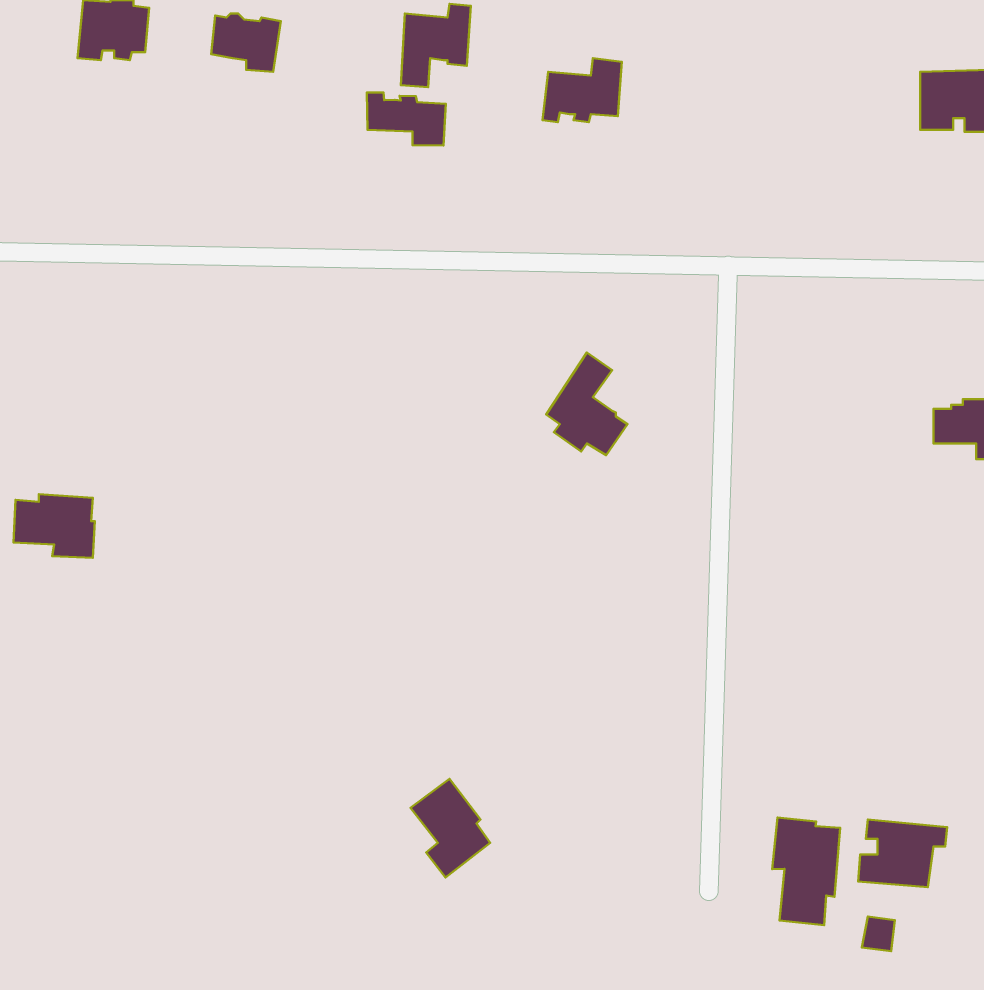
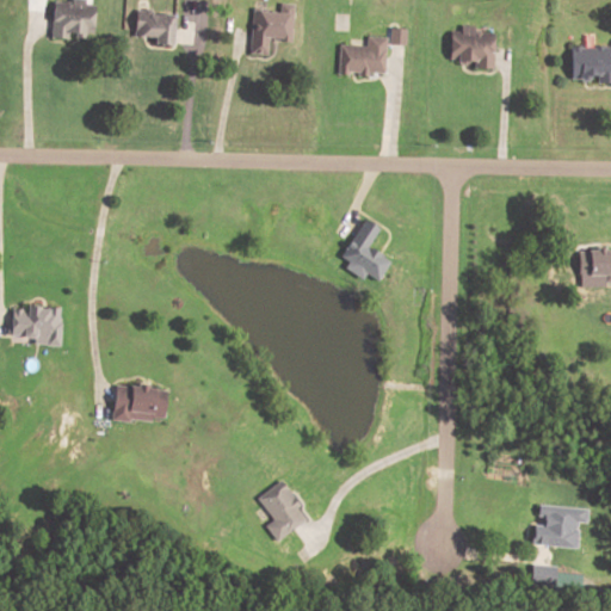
building: none -> [450,24,494,67]
building: [367,92,446,145] -> none
building: none -> [113,382,167,421]
building: [772,818,840,925] -> none

